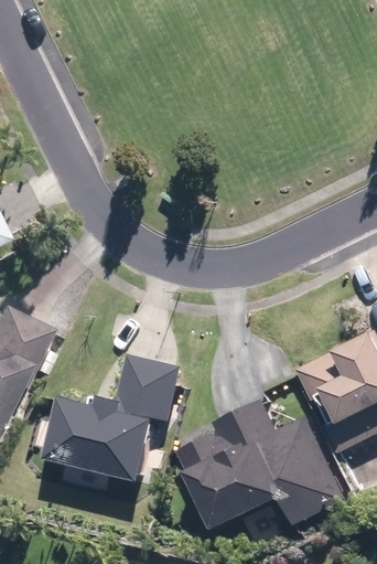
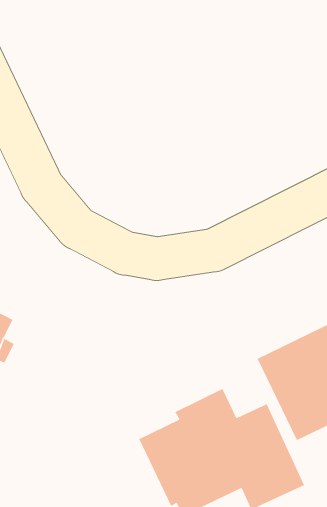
building: [41,352,179,482] -> none

